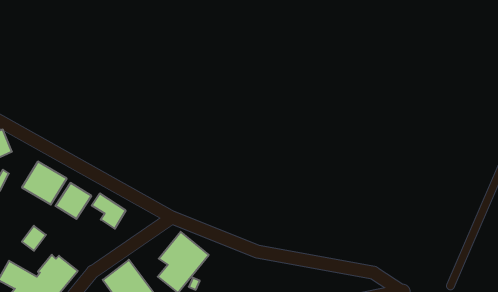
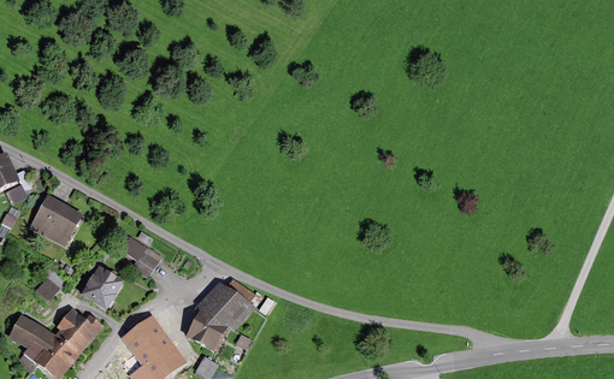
building: [55,183,91,219] -> [85,268,129,312]

